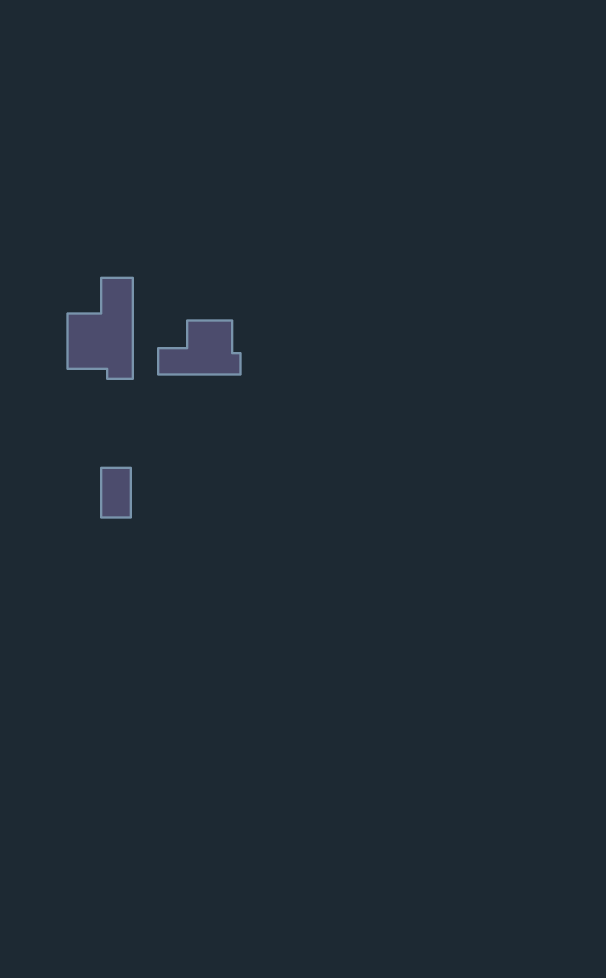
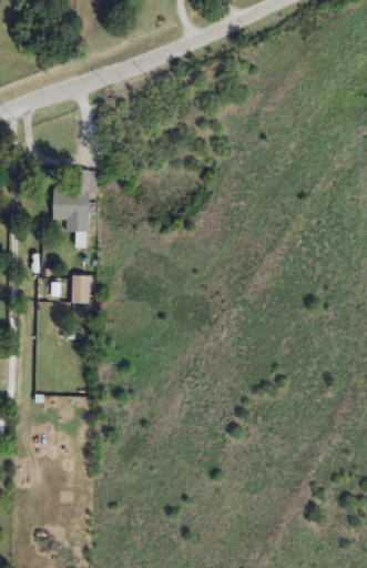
building: [158,320,240,374] -> none

